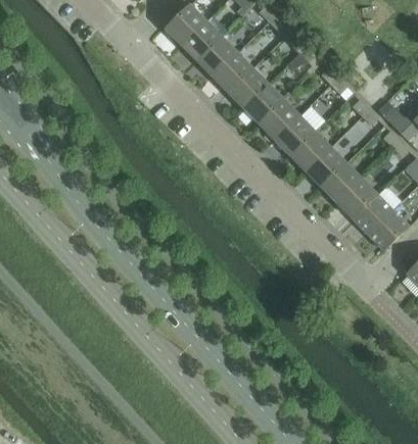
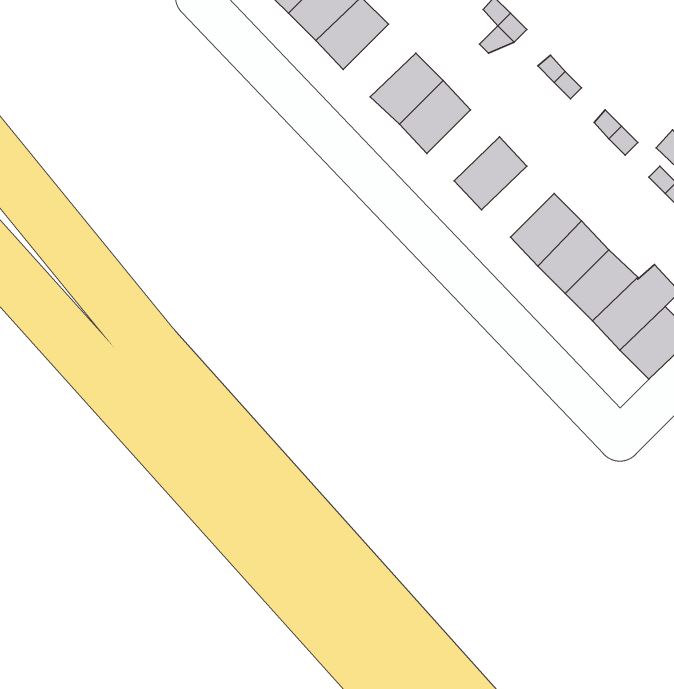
building: [213,52,253,93] -> none
building: [260,100,300,140] -> none
building: [290,132,331,171] -> none

